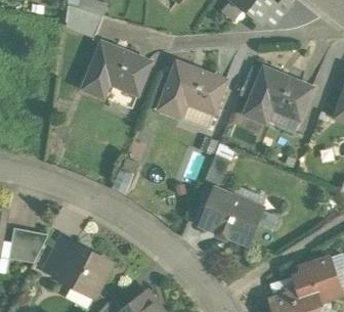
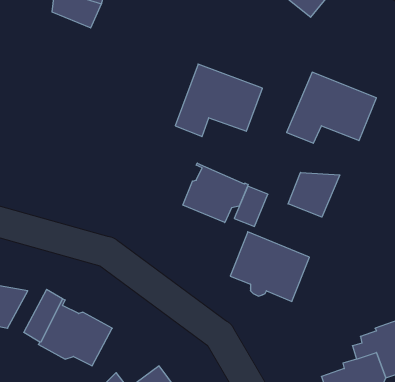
building: [82,43,150,98] -> none
building: none -> [183,163,248,223]
building: none -> [288,172,340,217]

